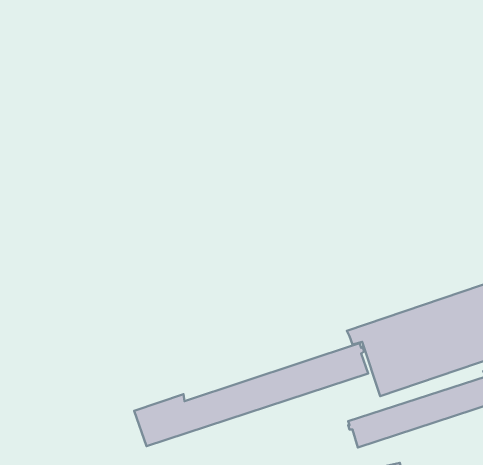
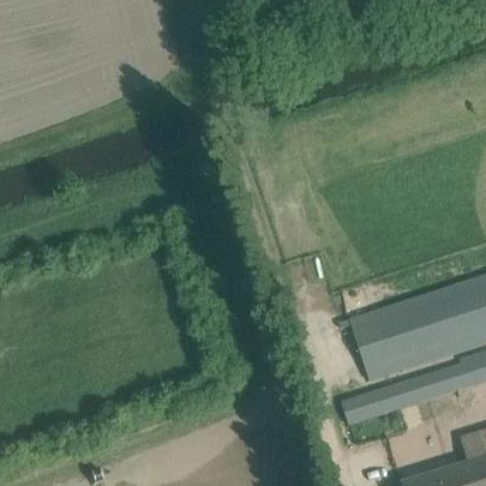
building: [134,343,368,446] -> none

